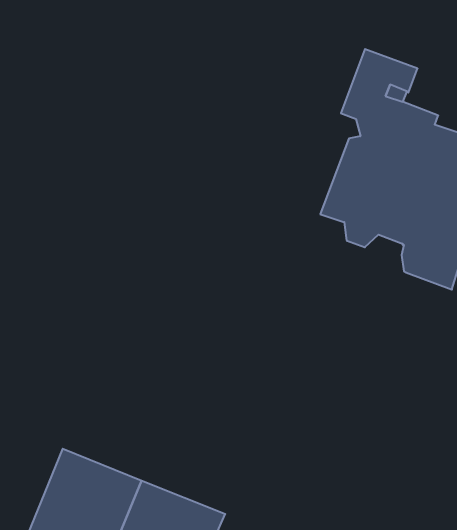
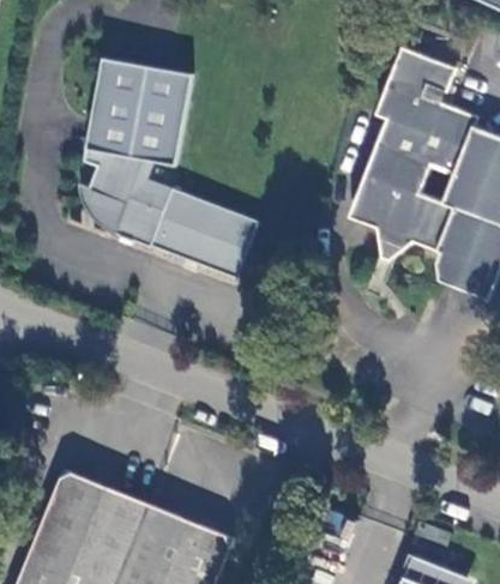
building: none -> [80,53,263,277]

